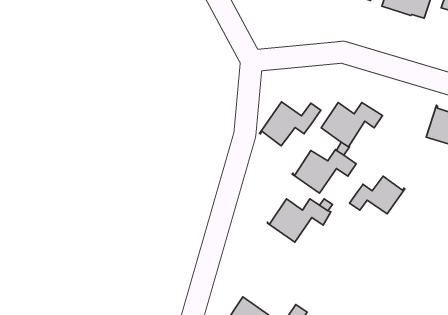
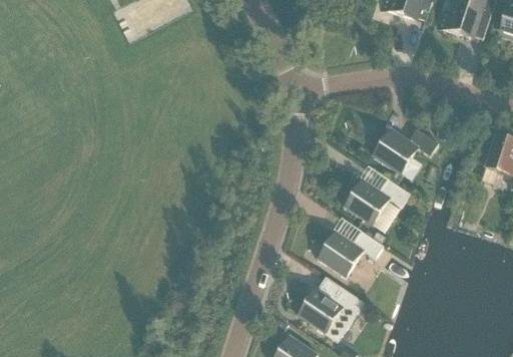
building: [259,102,321,146] -> none
building: [350,176,405,214] -> none
building: none -> [296,276,363,342]

